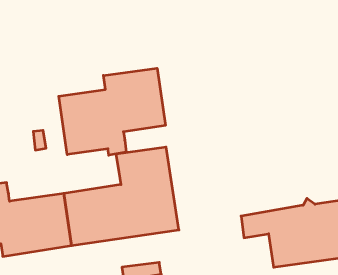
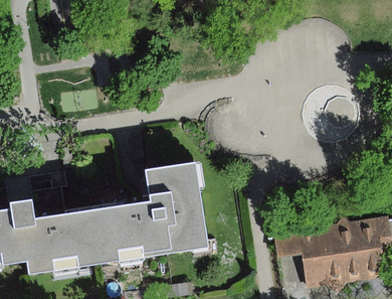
building: [59,68,165,155] -> none

